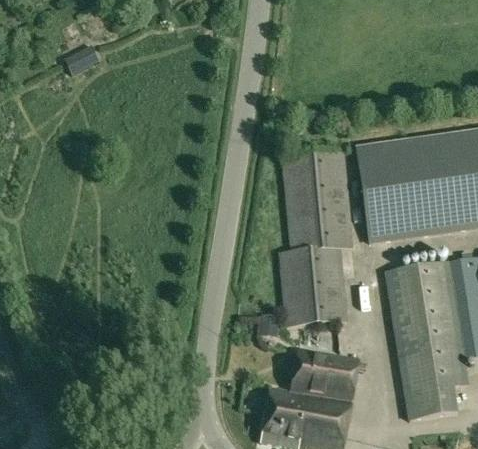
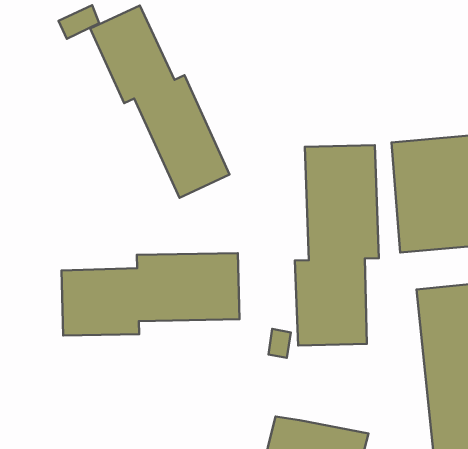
building: none -> [90,5,230,198]
building: none -> [61,253,240,335]
building: [291,348,358,398] -> none

